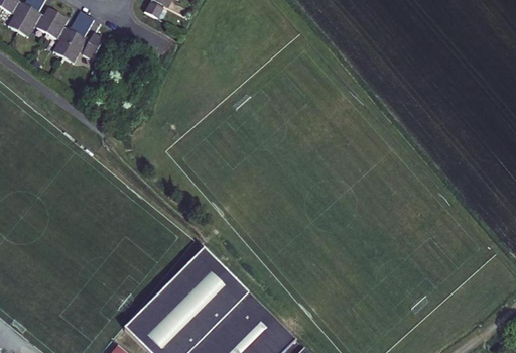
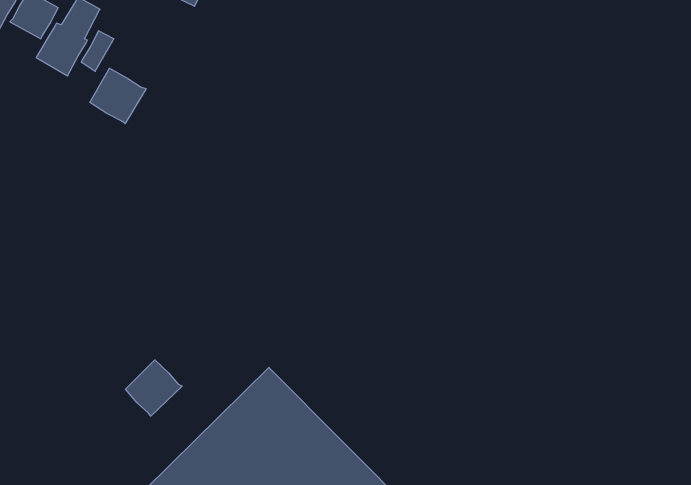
building: none -> [90,68,146,124]
building: none -> [125,360,182,416]

